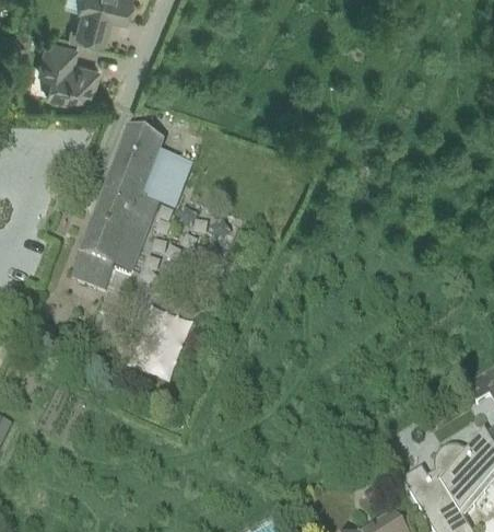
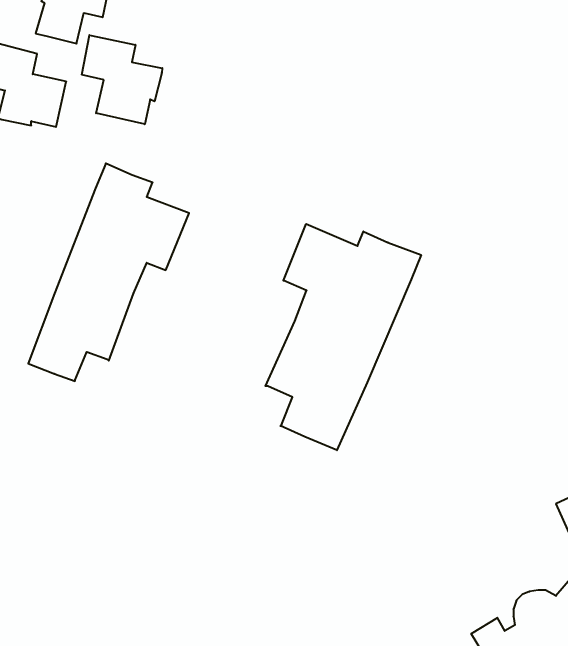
building: none -> [82,35,162,124]
building: none -> [265,224,421,450]

